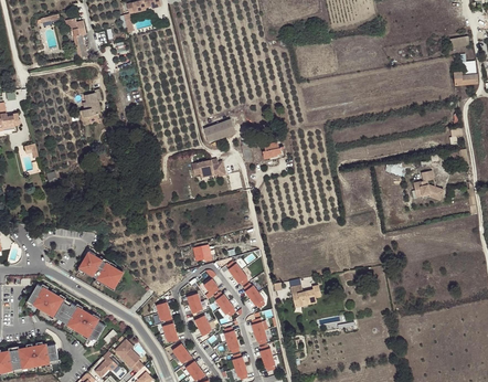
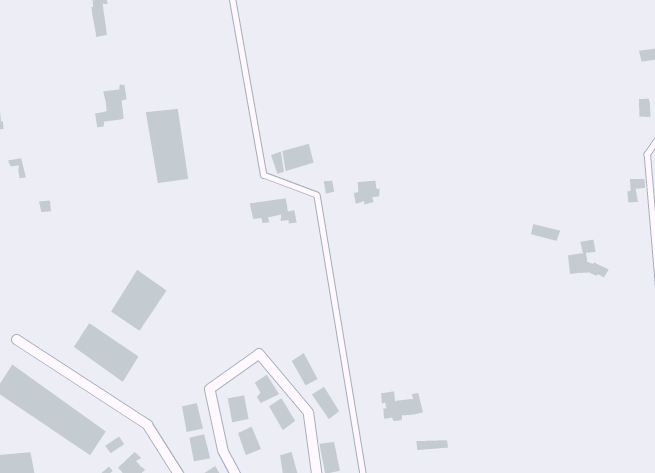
building: none -> [145,108,189,184]
building: none -> [110,269,167,332]

